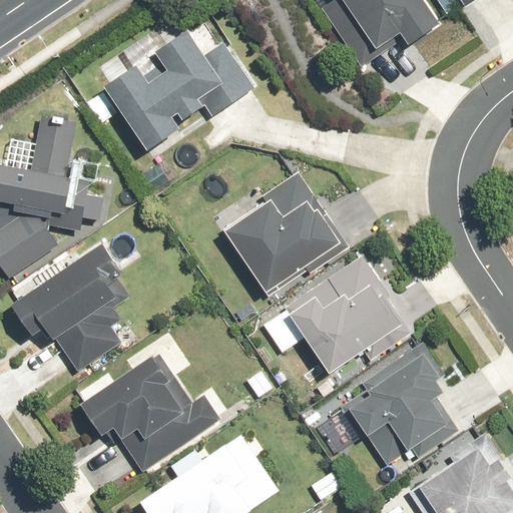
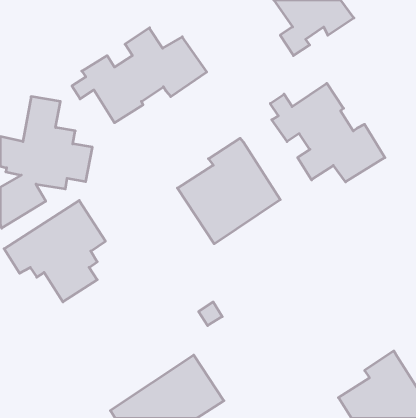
building: none -> [270,83,385,182]
building: [283,255,406,376] -> none
building: [346,343,459,457] -> none
building: [76,353,219,473] -> none

